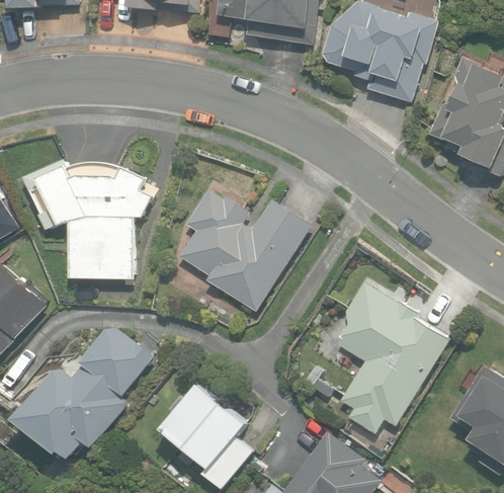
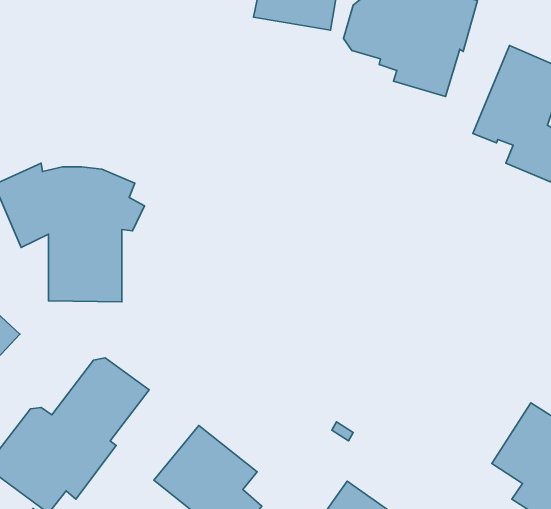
building: [178,190,311,311] -> none
building: [338,285,444,428] -> none

